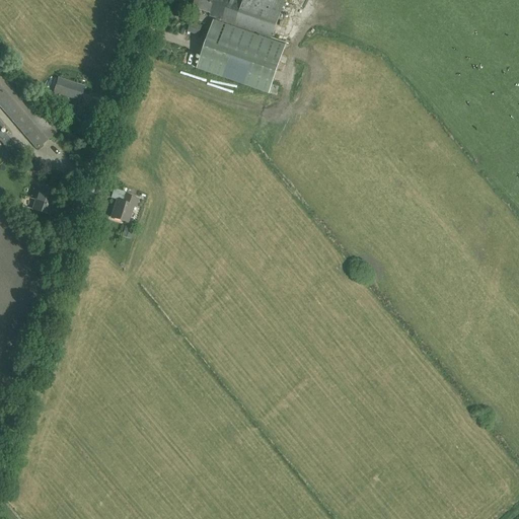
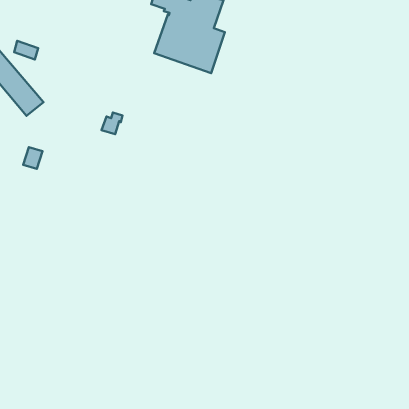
building: [51,76,81,99] -> [14,41,38,59]
building: [108,193,135,220] -> [102,112,122,134]

